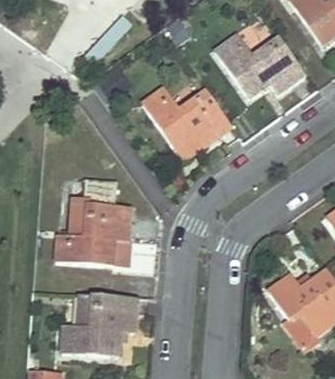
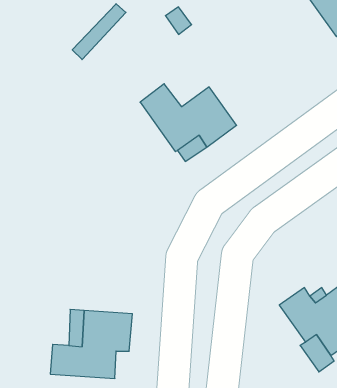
building: [215,35,305,97] -> none
building: [56,204,130,266] -> none

